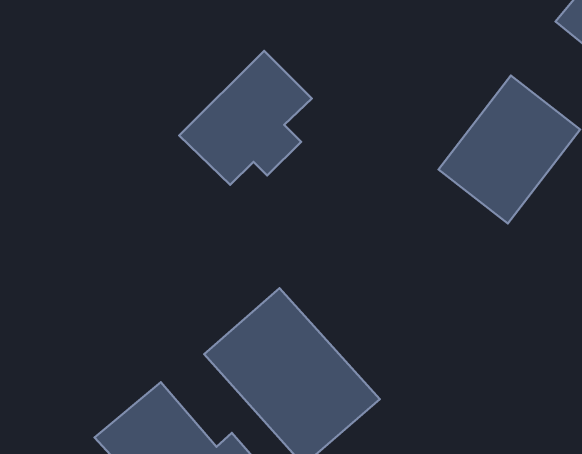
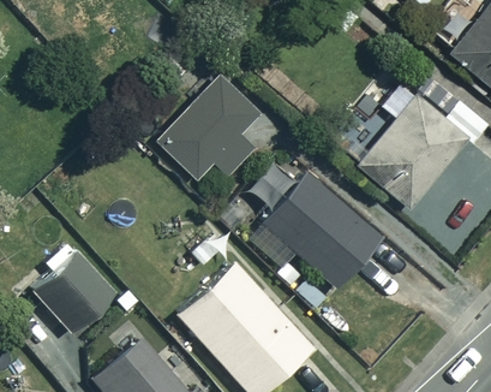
building: none -> [249,172,381,287]
building: none -> [32,250,115,333]

